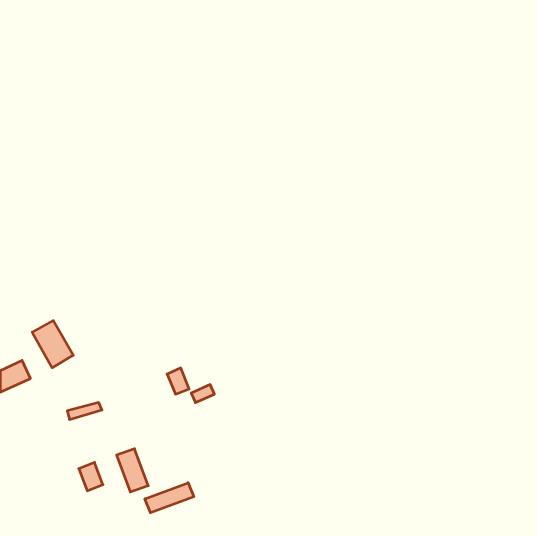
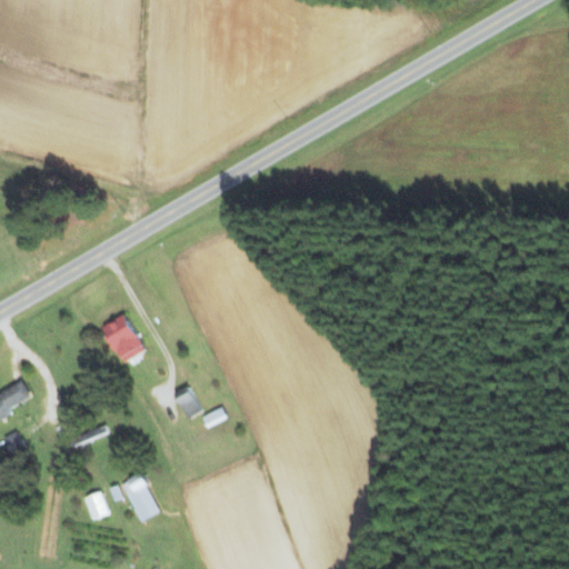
building: [32,321,73,368] -> [100,312,143,362]
building: [145,483,194,513] -> none

